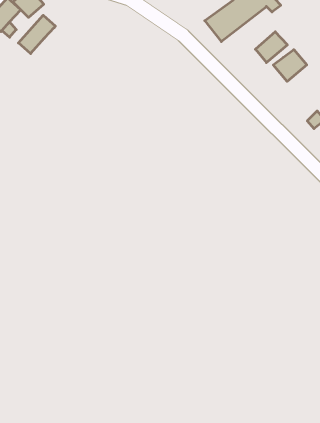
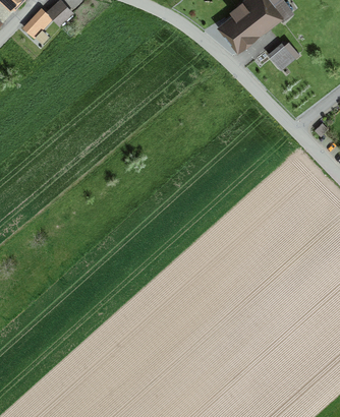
building: [18,15,55,54] -> none
building: [273,50,307,81] -> none

